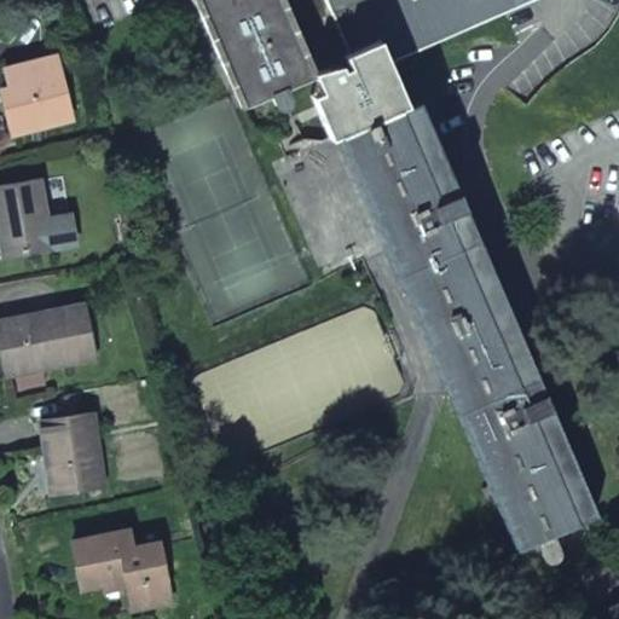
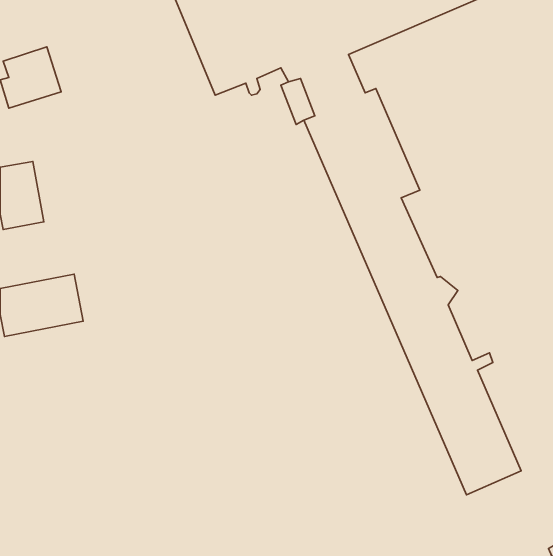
building: [46,412,106,491] -> none
building: [76,528,174,607] -> none

